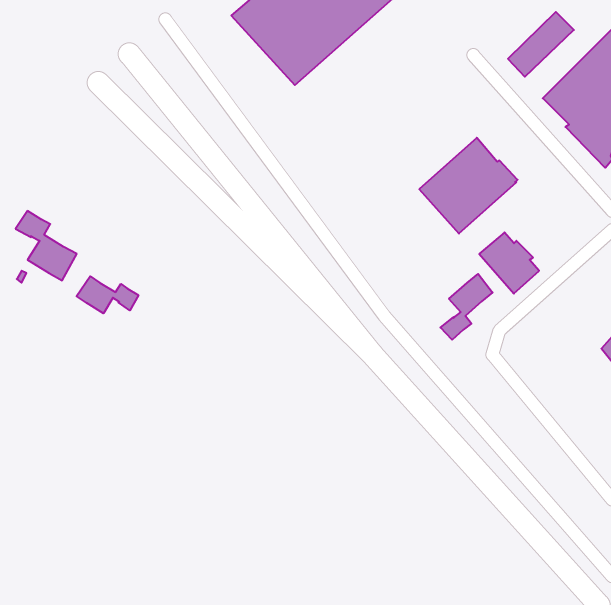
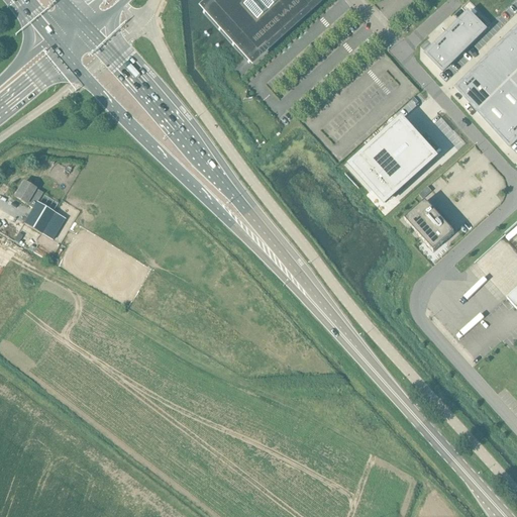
building: [440,274,493,340] -> none
building: [77,276,138,313] -> none

